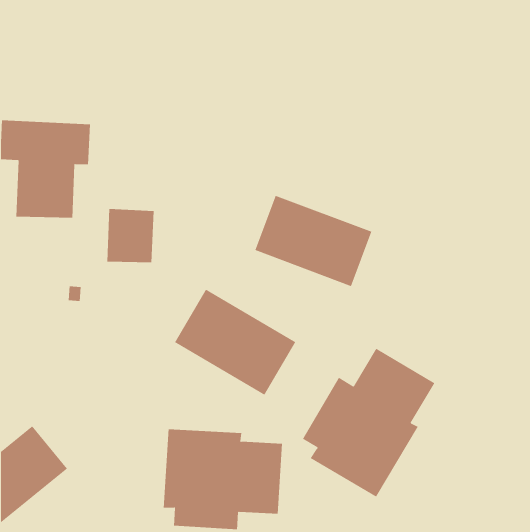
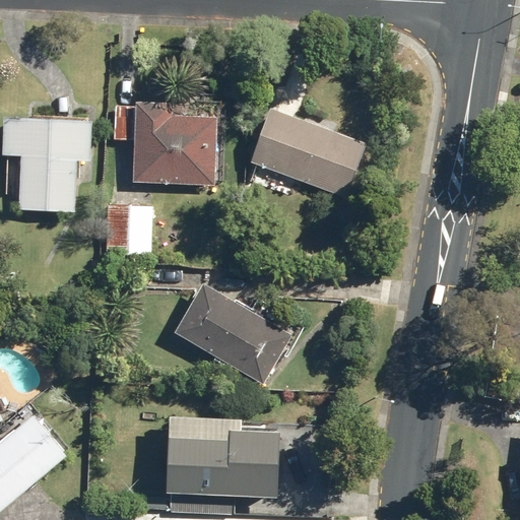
building: none -> [112,99,217,184]
building: [254,195,372,287] -> [248,107,363,196]
building: [302,348,435,497] -> none

